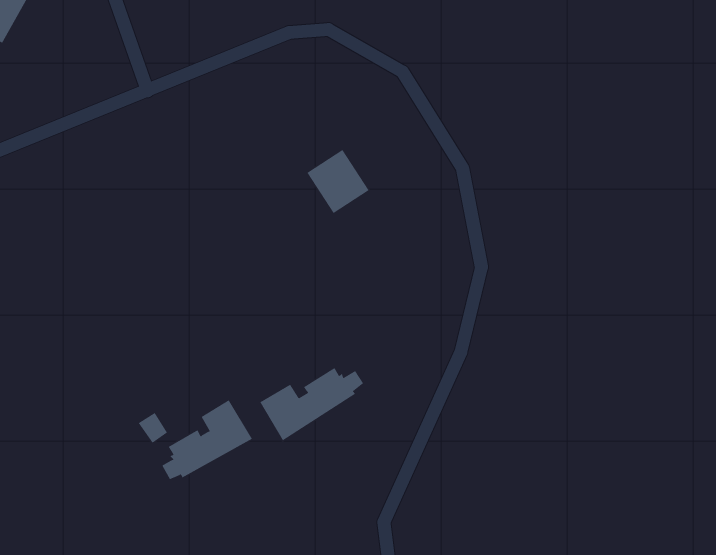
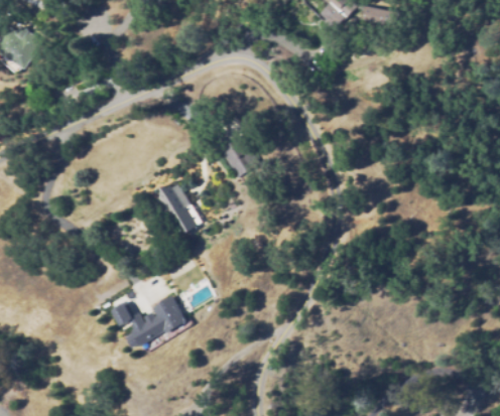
building: none -> [155,182,194,233]
building: [259,367,364,441] -> none

